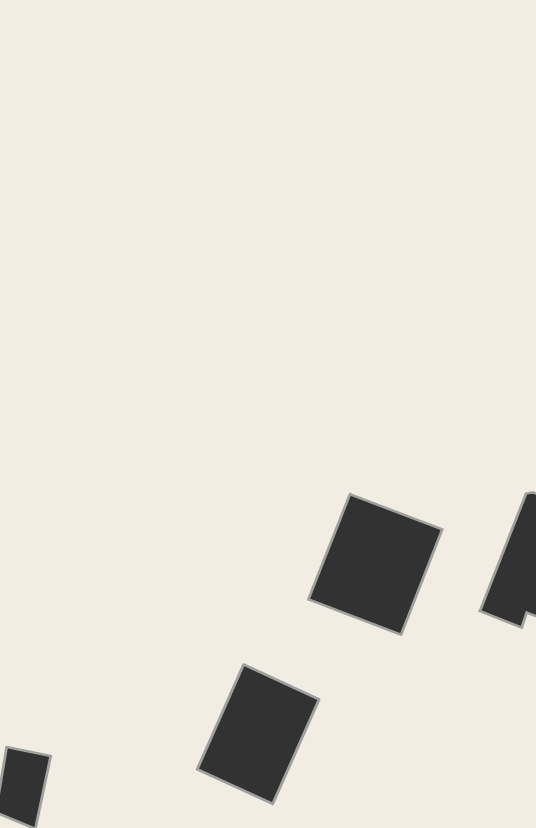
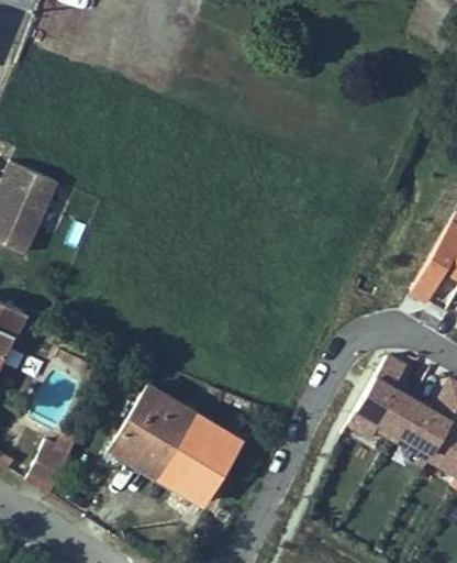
building: [309,494,442,635] -> none
building: none -> [110,399,197,489]

